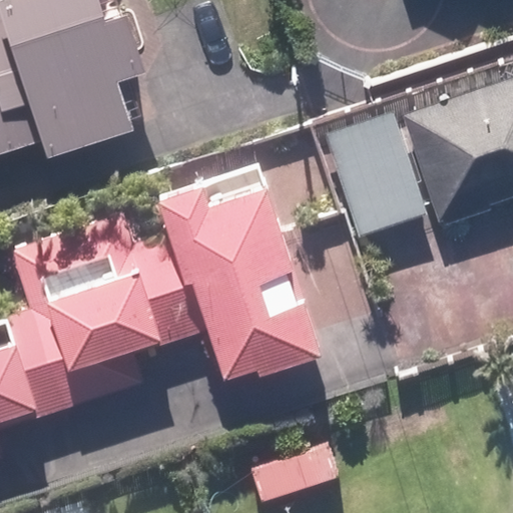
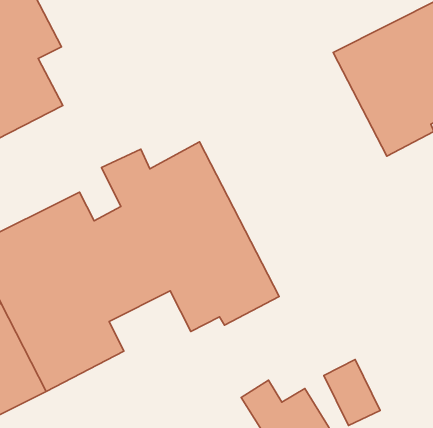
building: [332,115,426,234] -> none

